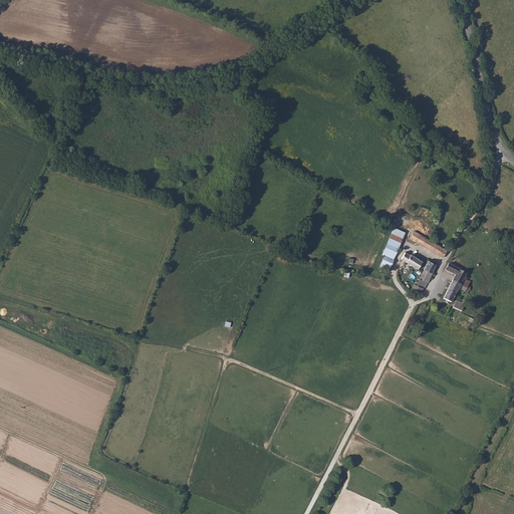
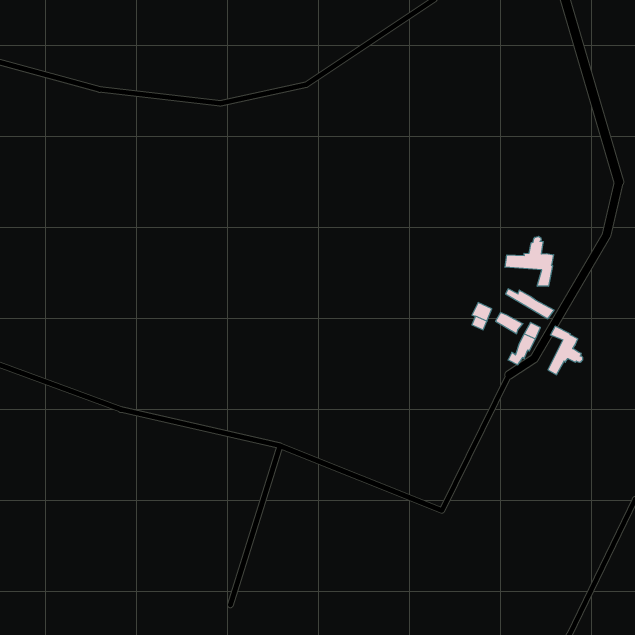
building: none -> [505,236,554,286]

